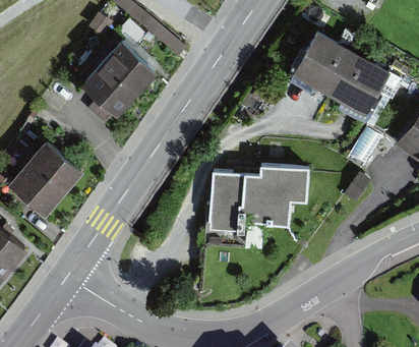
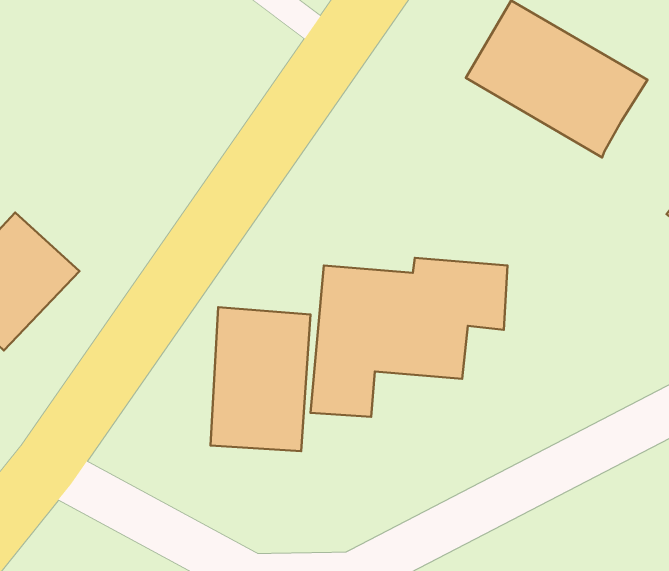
building: [84,43,156,124] -> none
building: none -> [210,307,310,451]

